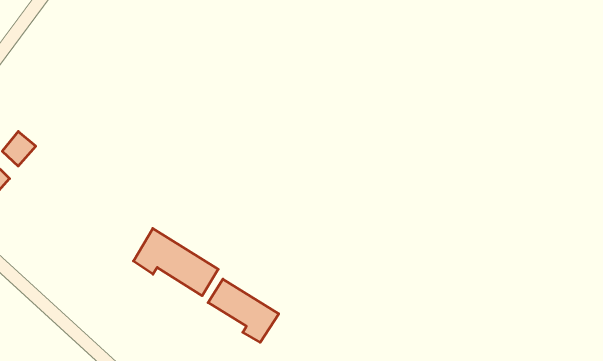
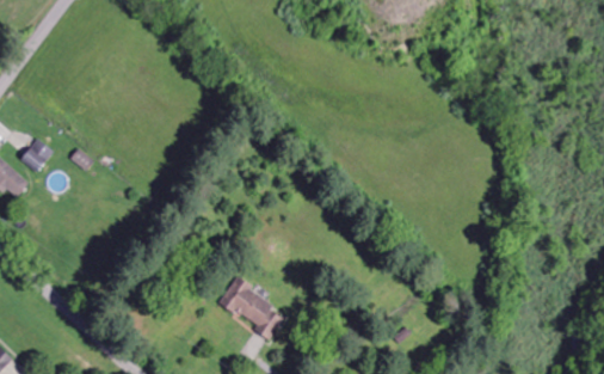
building: [133,228,218,296] -> none

